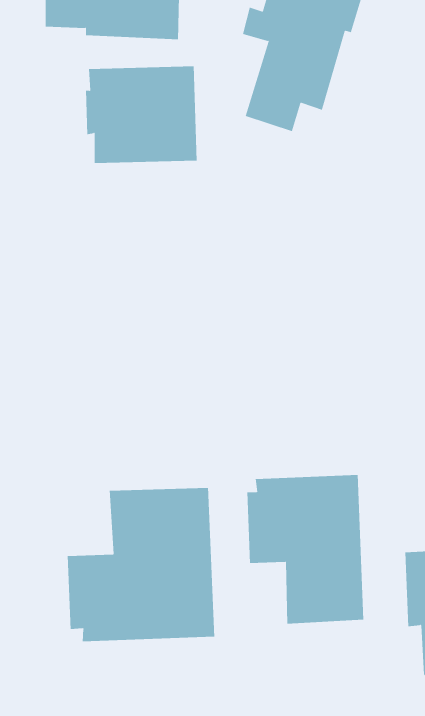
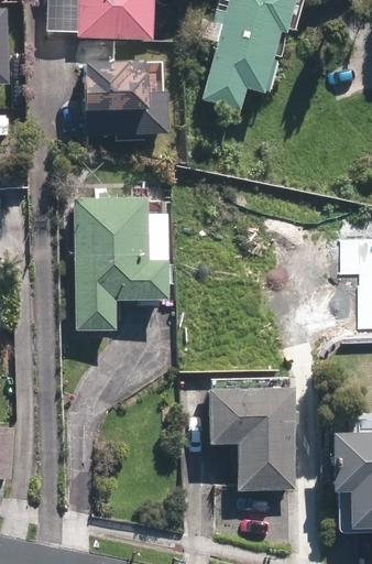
building: none -> [76,197,167,332]
building: [67,487,215,642] -> none

